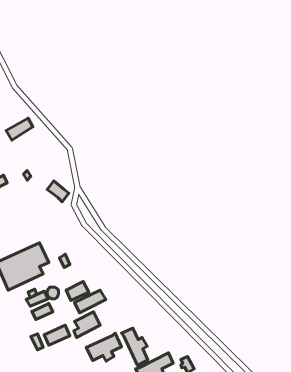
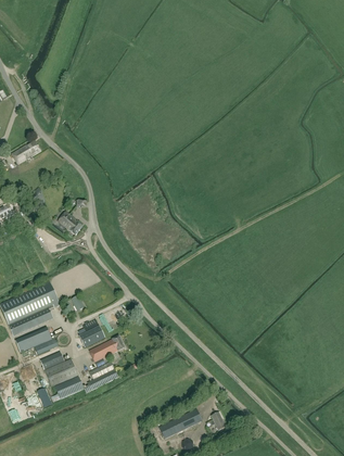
building: none -> [44,358,78,387]
building: [122,328,148,365] -> none
building: [86,333,121,361] -> none

